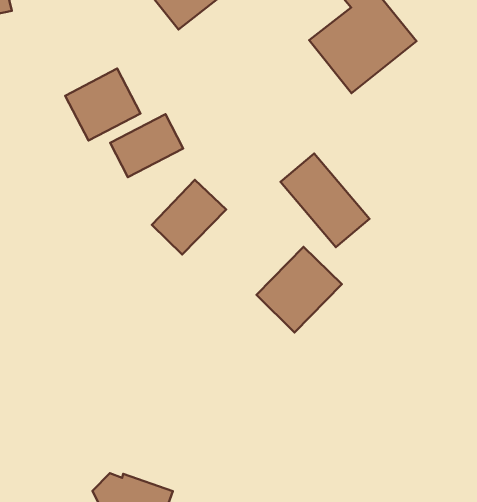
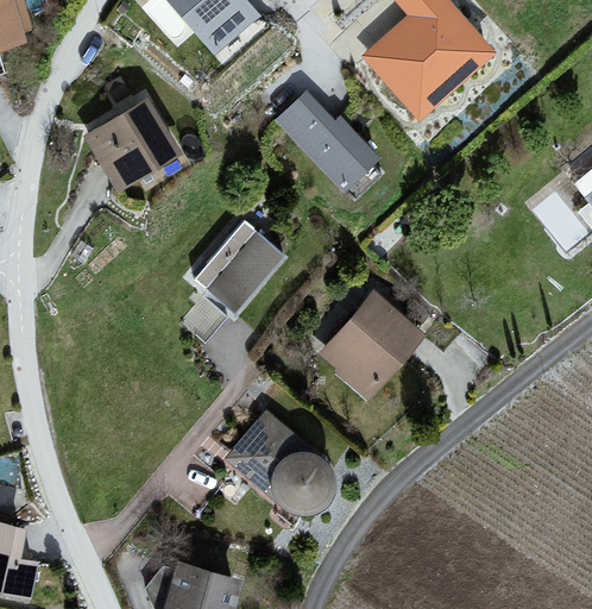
building: [110,114,183,177] -> none
building: [281,154,370,247] -> [275,86,379,192]
building: none -> [223,410,336,516]

